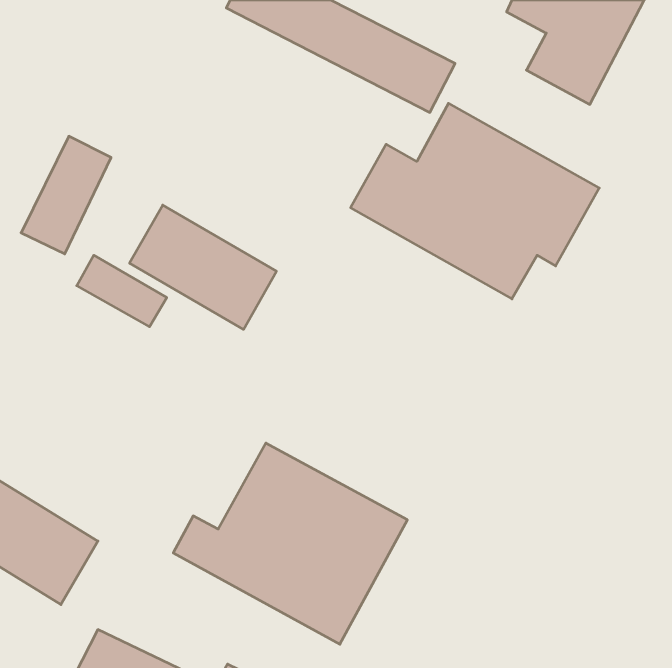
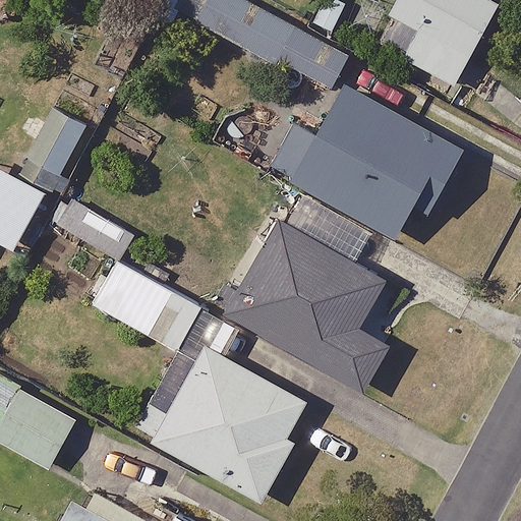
building: [130,205,276,329] -> [92,258,205,354]
building: none -> [228,224,390,391]

